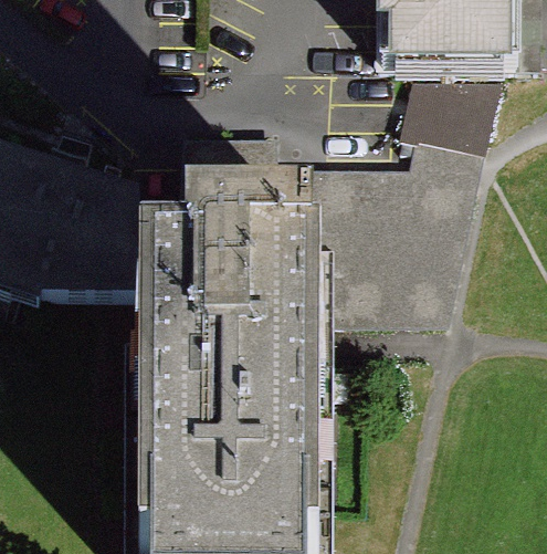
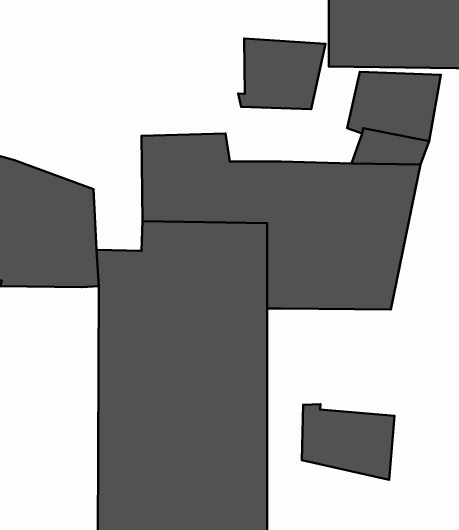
building: none -> [238,38,326,109]
building: none -> [302,404,394,480]

